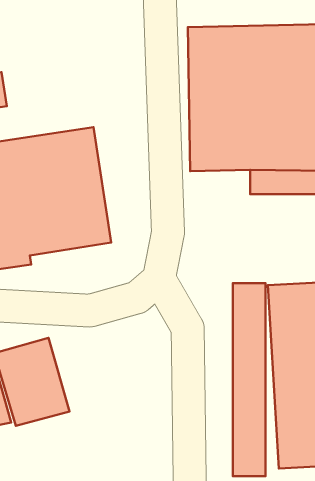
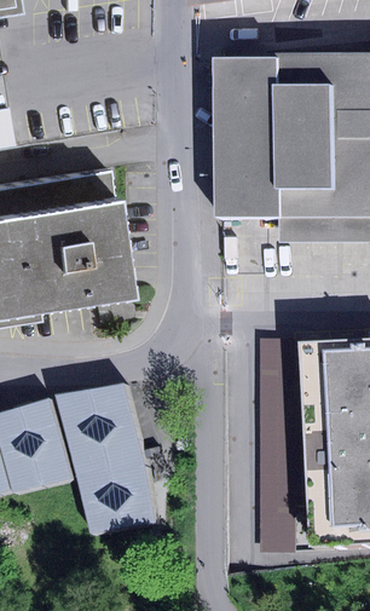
building: none -> [60,382,161,537]

